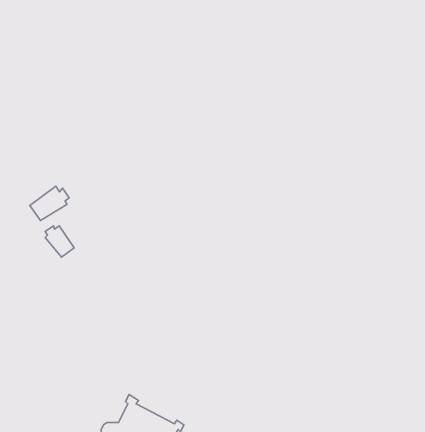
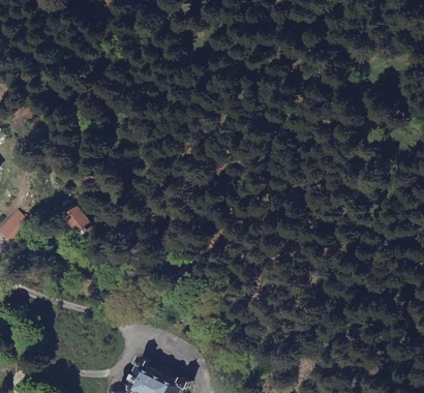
building: [30,186,69,221] -> none

